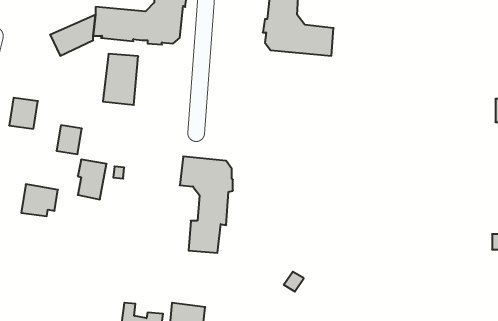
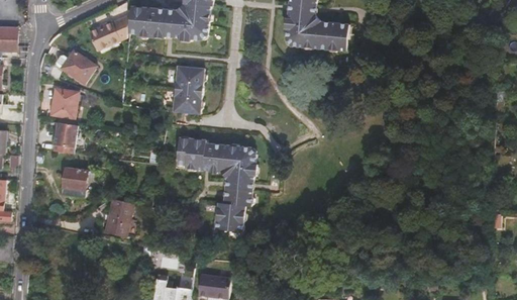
building: [103,54,138,105] -> [173,67,205,113]
building: none -> [61,51,96,83]
building: [56,125,82,154] -> [54,121,77,147]
building: none -> [176,137,210,170]
building: [78,160,107,199] -> [106,200,132,236]

